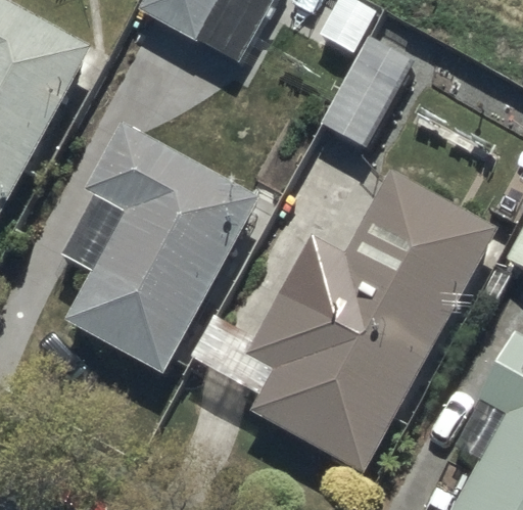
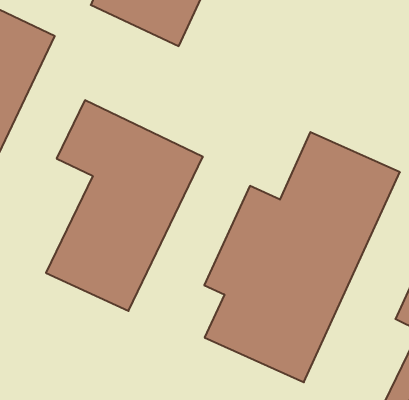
building: [314,31,415,151] -> none

